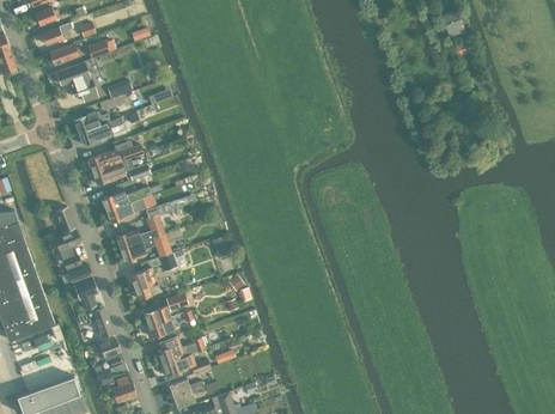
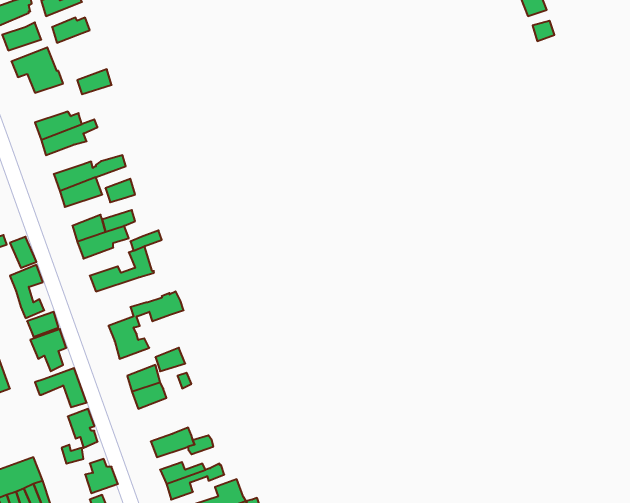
building: [120,230,181,262] -> none
building: [157,337,203,364] -> none

